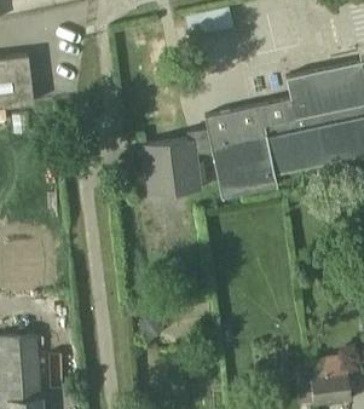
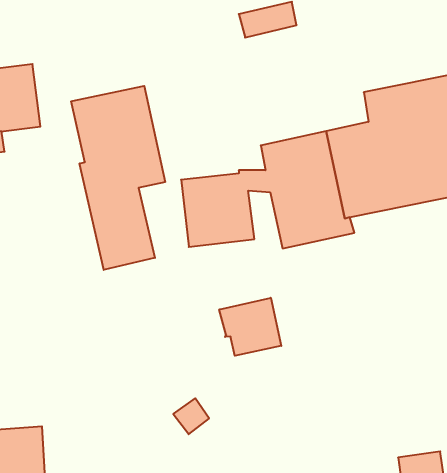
building: none -> [71,86,165,270]
building: none -> [219,298,281,356]

